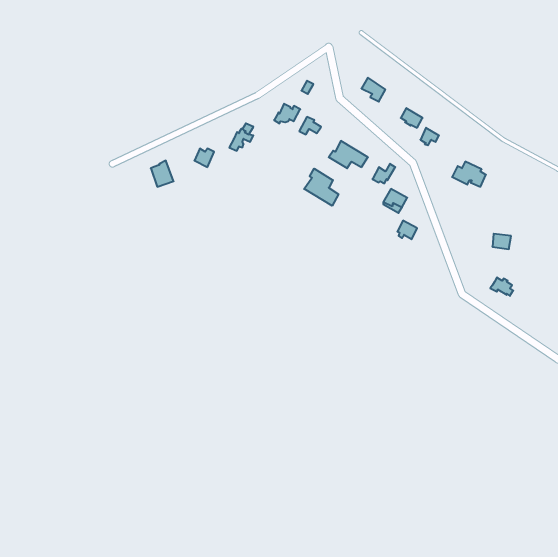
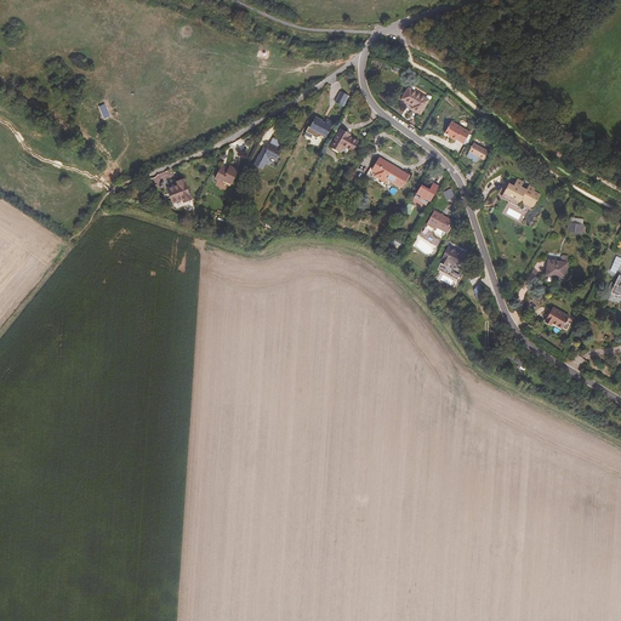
building: [304,169,338,206] -> none

